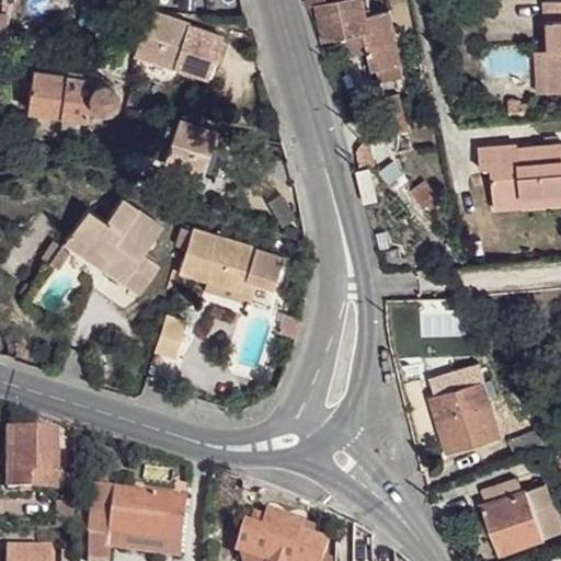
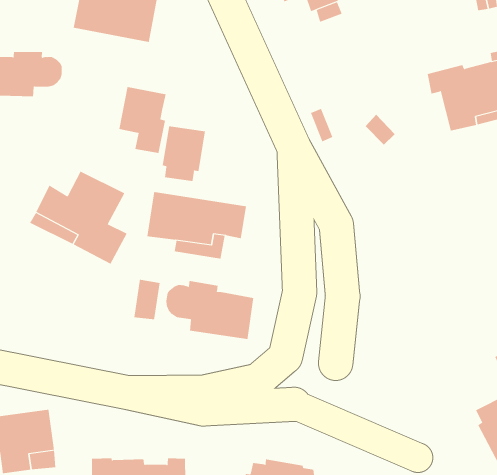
building: none -> [162,126,205,182]
building: none -> [166,280,254,340]
building: [431,363,501,453] -> none

